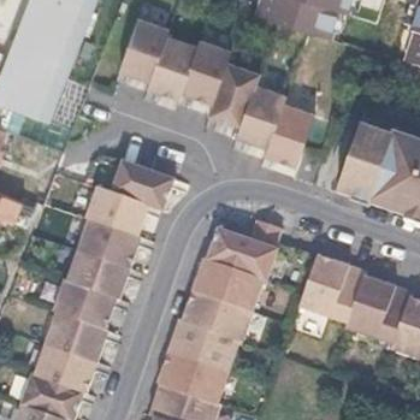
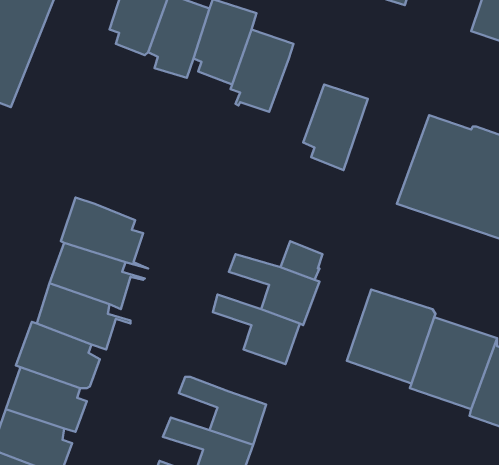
building: [239,83,284,146] -> none
building: [111,161,171,211] -> none
building: [188,290,253,342] -> none

